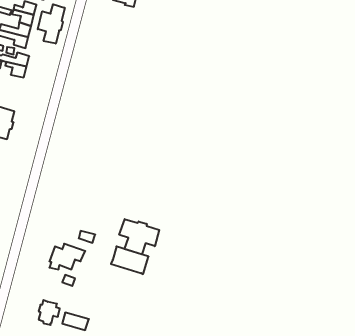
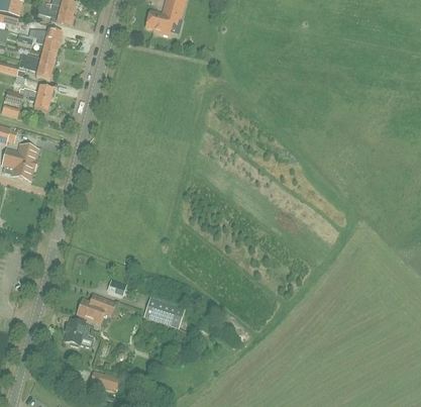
building: [38,4,65,44] -> none
building: [119,219,159,254] -> none
building: [39,300,60,325] -> [66,318,89,345]

